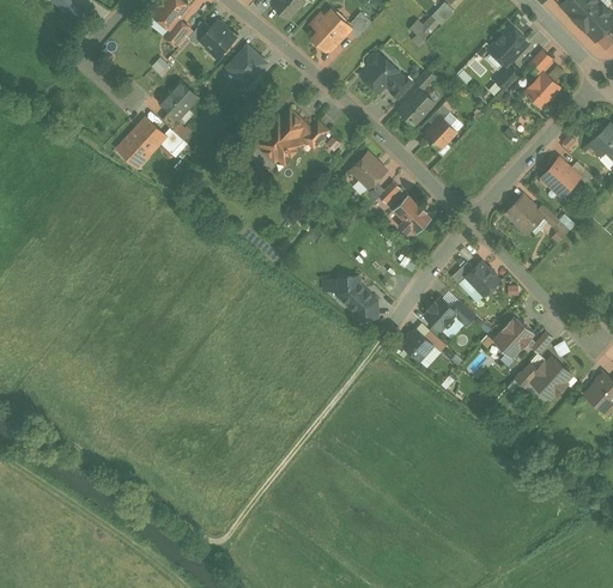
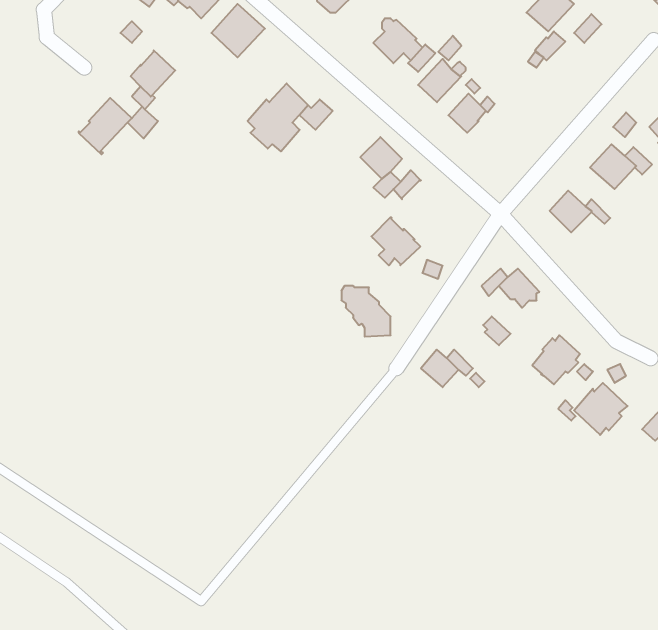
building: [524,72,558,107] -> none
building: [390,194,431,234] -> [371,218,420,265]
building: [423,298,455,329] -> none

